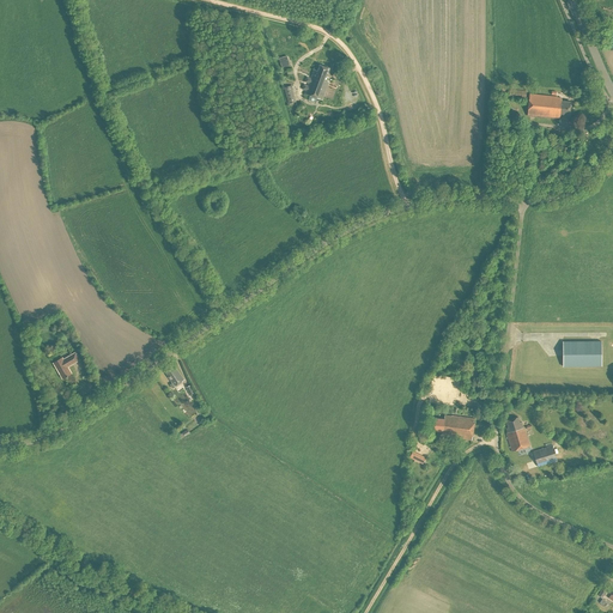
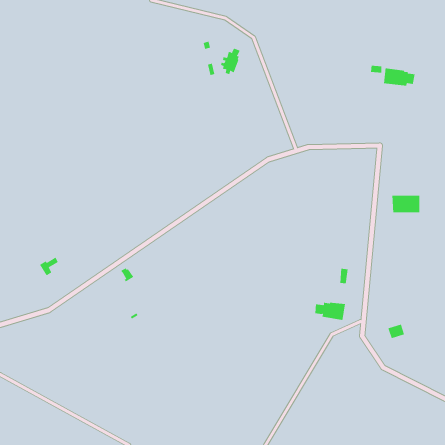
building: [563,342,602,366] -> [392,195,420,213]
building: [506,417,530,451] -> none

